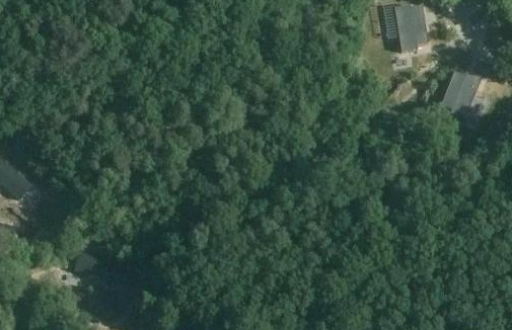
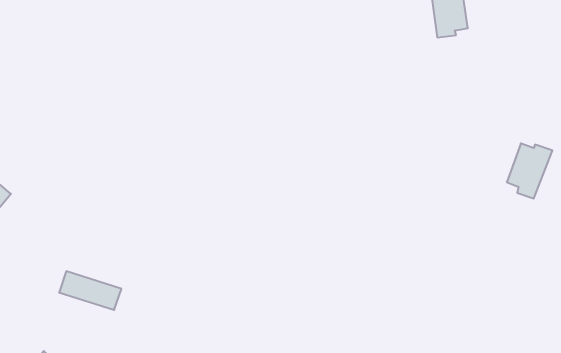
building: [440,71,480,118] -> [507,143,552,199]

